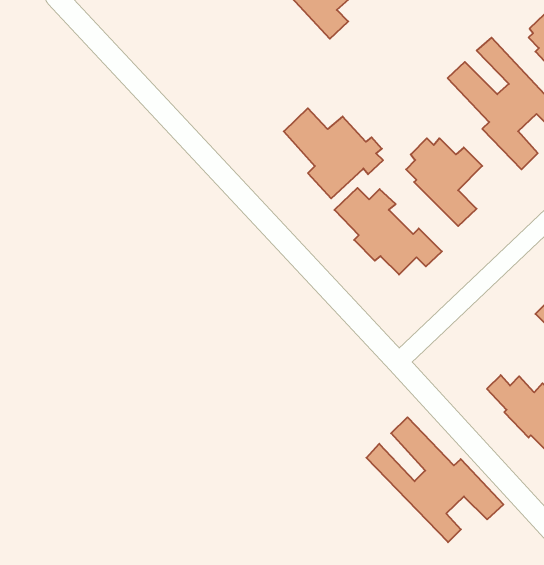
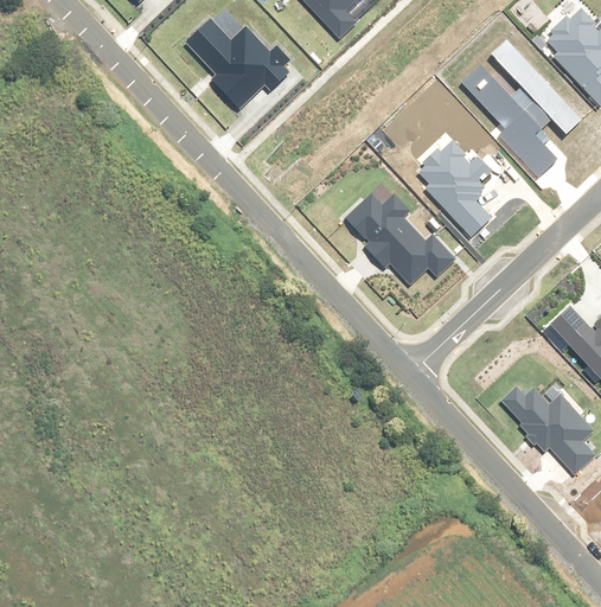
building: [284,108,383,198] -> [187,18,289,110]
building: [366,417,503,542] -> none

